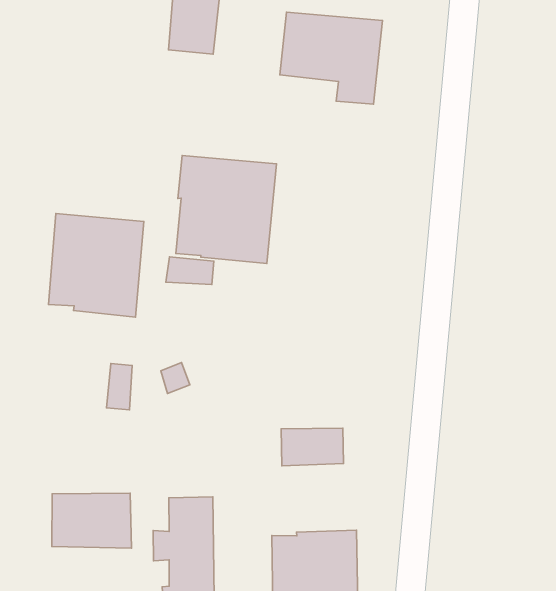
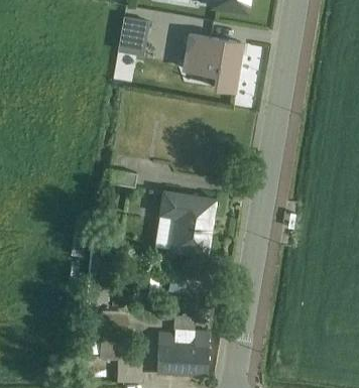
building: [176,156,276,264] -> [154,190,215,255]
building: [48,214,144,317] -> none
building: [52,493,132,548] -> none

